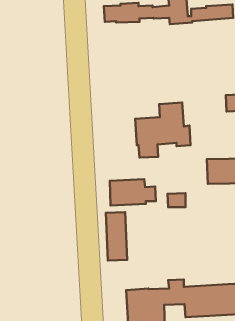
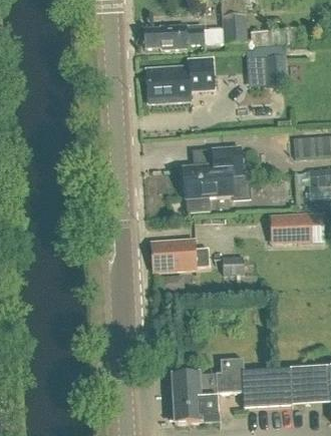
building: none -> [243,53,287,85]
building: none -> [145,56,215,101]
building: [106,212,127,260] -> none

